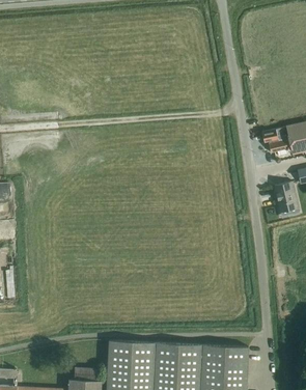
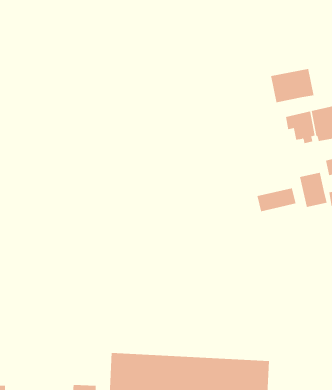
building: none -> [271,68,314,103]
building: none -> [257,187,296,212]

